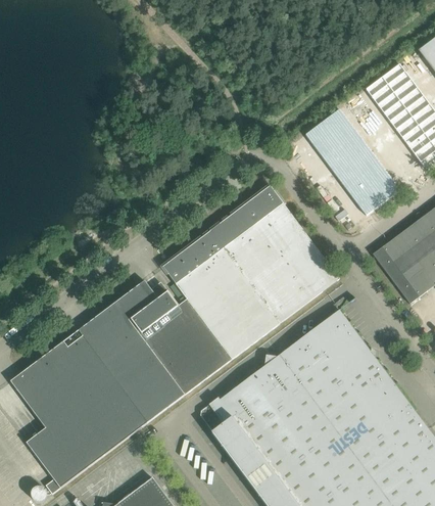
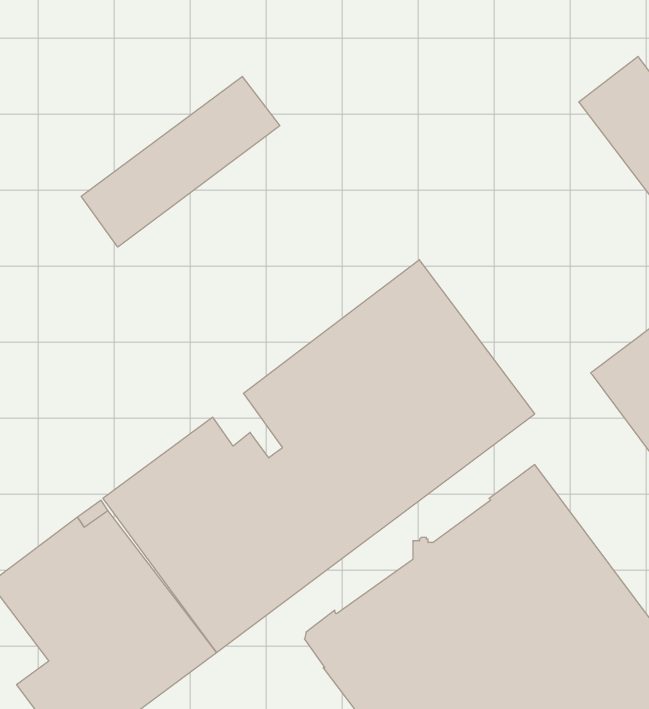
building: none -> [81,76,280,247]
building: [305,108,401,217] -> none

